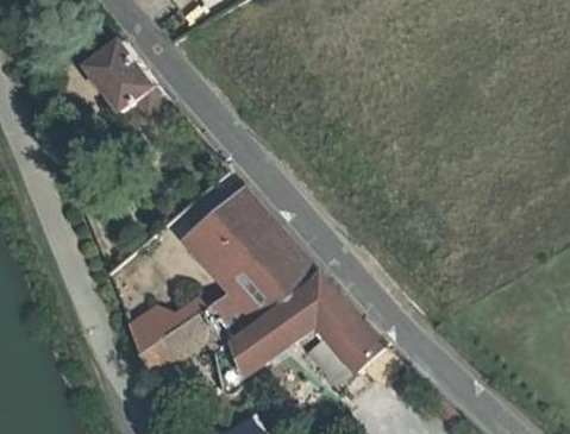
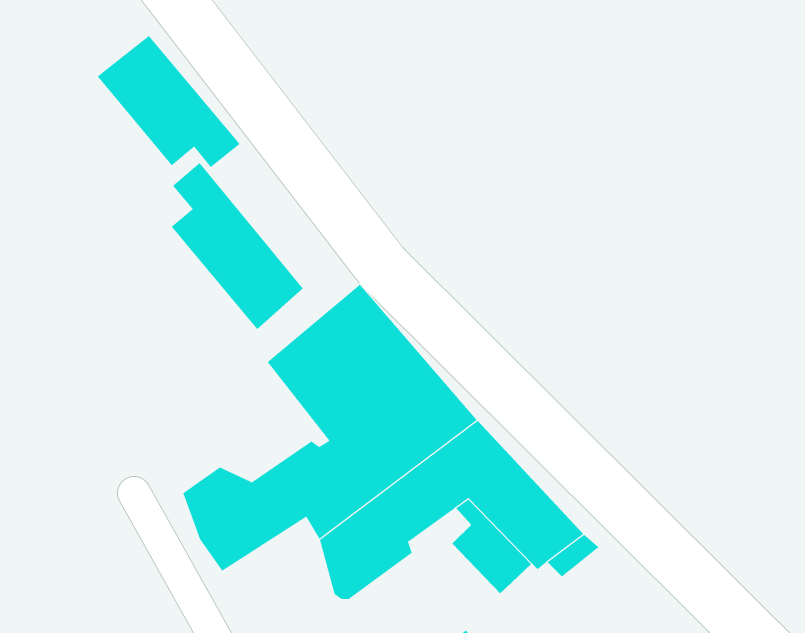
building: none -> [171,162,303,330]

